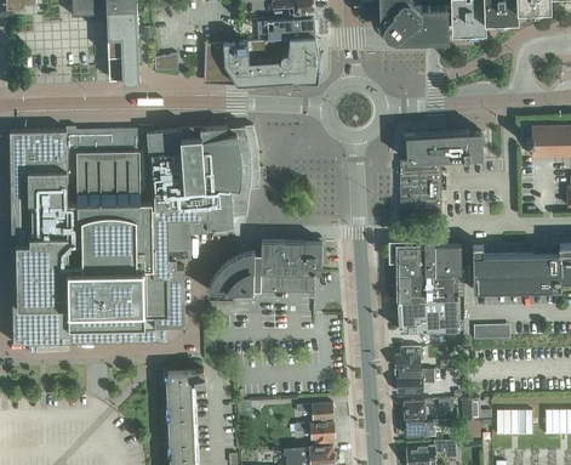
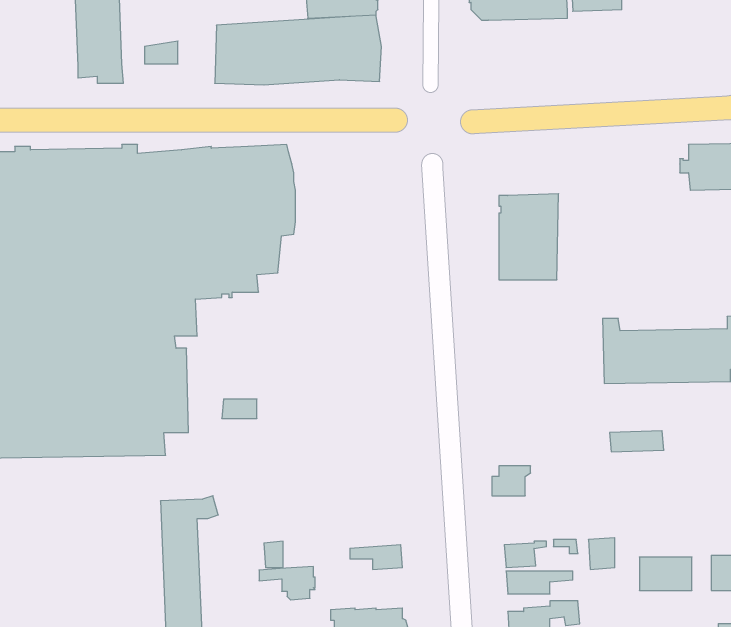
building: [405,130,483,161] -> none
building: [209,240,321,294] -> none
building: [388,240,461,331] -> none
building: [395,370,434,393] -> none
building: [296,423,335,446] -> [259,567,315,600]

